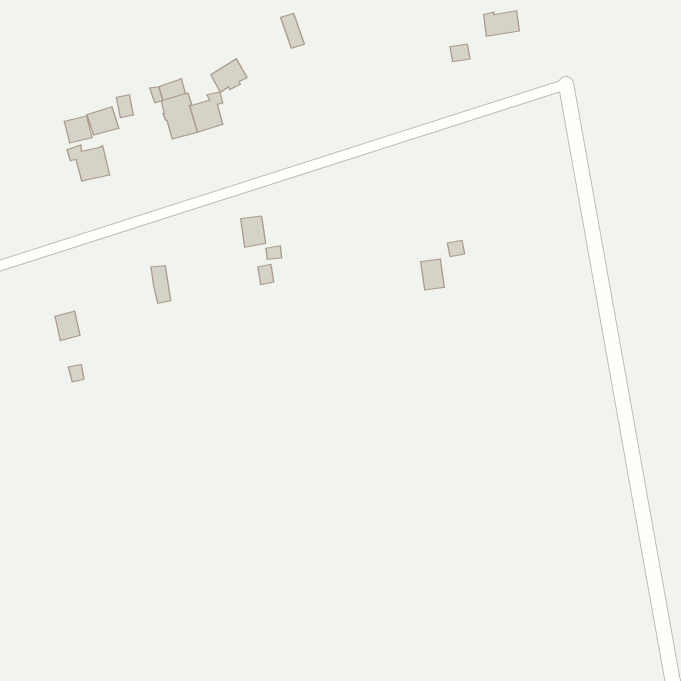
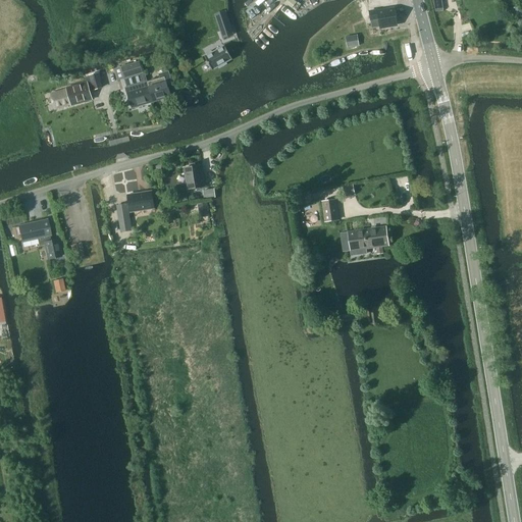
building: [211,59,247,92] -> [204,44,231,69]
building: [67,145,109,181] -> none
building: none -> [127,191,154,211]
building: none -> [17,218,50,242]
building: none -> [347,225,388,255]

